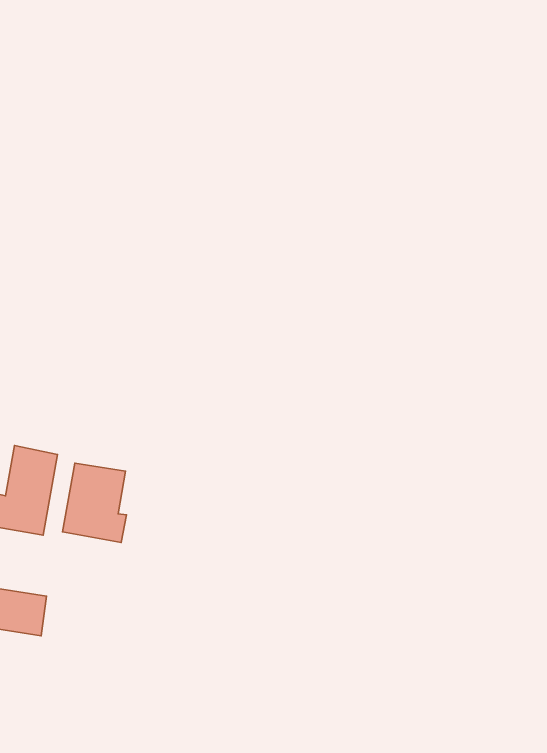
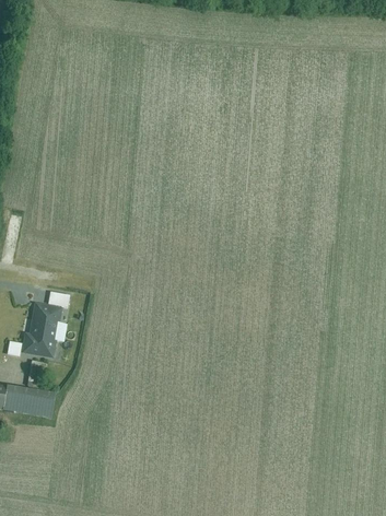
building: [62,463,127,542] -> none

